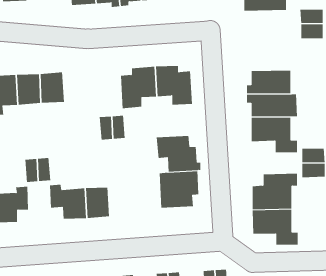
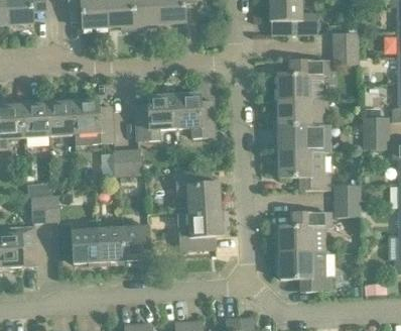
building: none -> [277,61,328,100]
building: none -> [73,100,114,143]
building: none -> [122,225,150,259]

